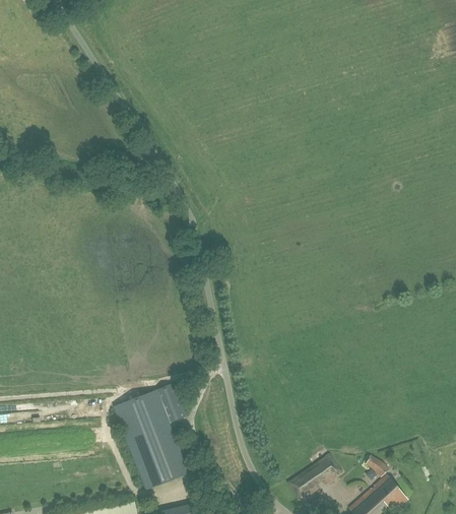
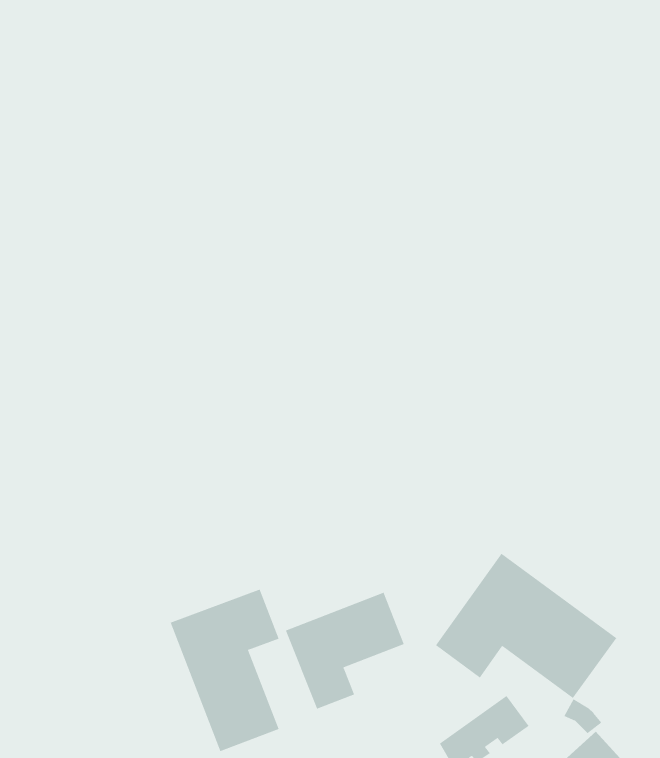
building: none -> [435,553,617,699]
building: none -> [285,592,405,710]

